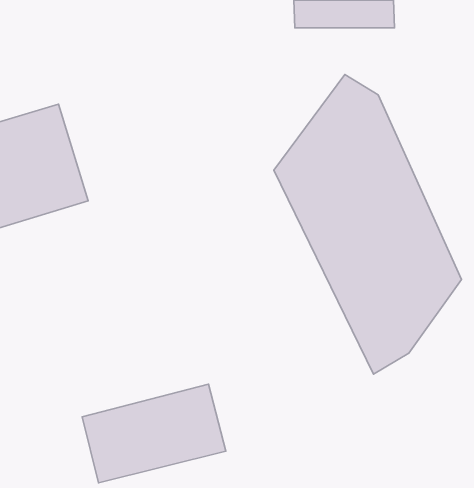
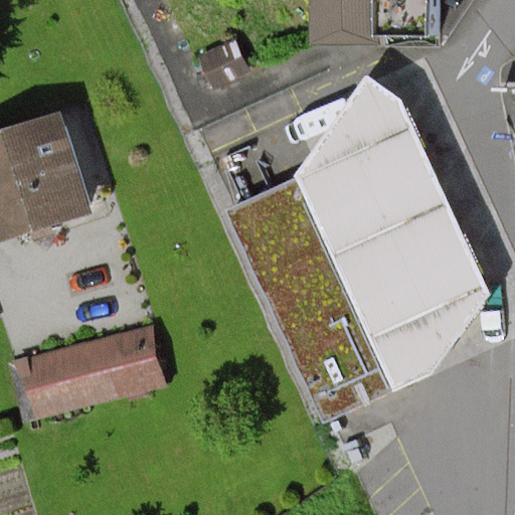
building: none -> [228,180,392,423]
building: [82,384,226,483] -> [10,322,161,425]

